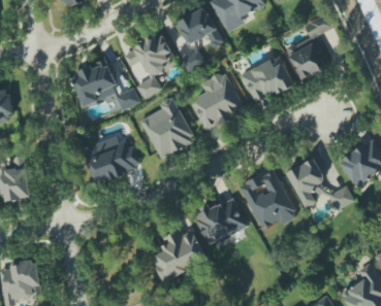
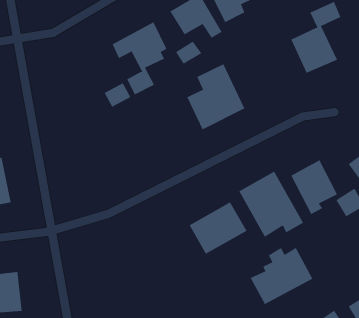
building: [70,60,119,106] -> none
building: [240,60,294,104] -> none
building: [139,95,196,160] -> none
building: [82,135,140,184] -> none
building: [150,229,208,281] -> [250,247,313,305]

